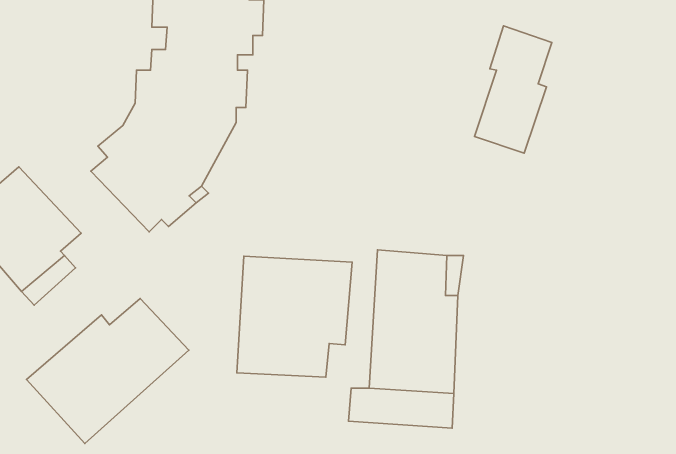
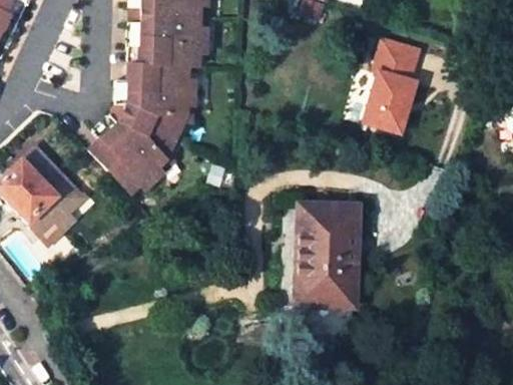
building: [237,256,352,377] -> none
building: [27,299,189,444] -> none

